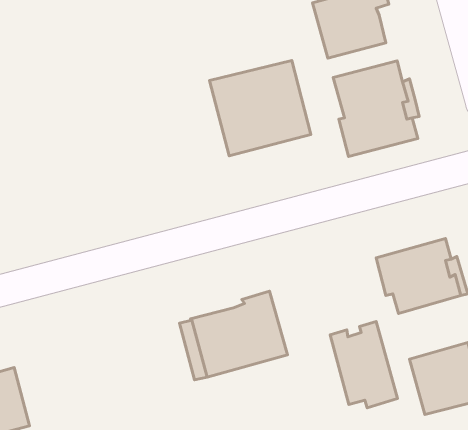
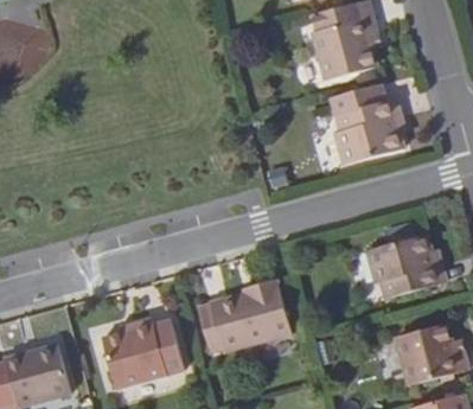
building: [210,61,311,156] -> none
building: [330,321,397,408] -> none
building: none -> [101,319,183,388]

